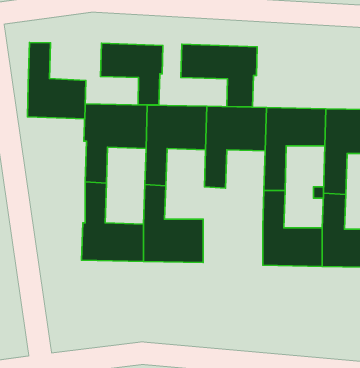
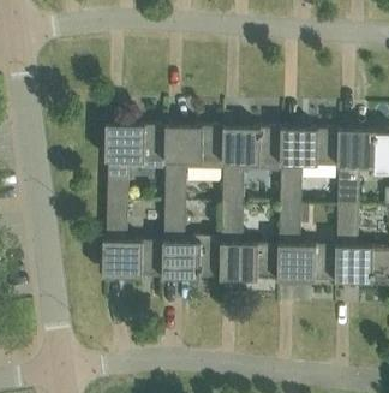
building: [27,43,86,119] -> none
building: [101,43,163,105] -> none
building: [181,44,257,107] -> none
building: none -> [220,206,277,281]

